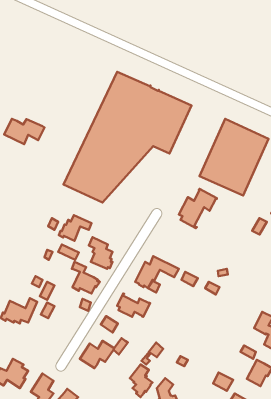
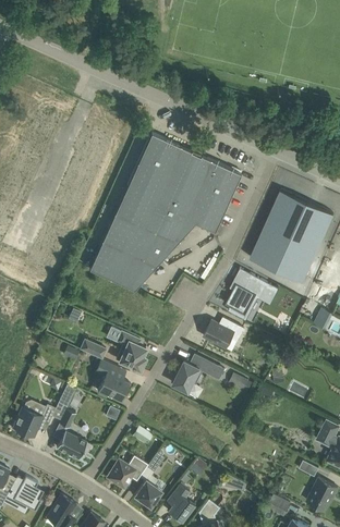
building: [4,119,45,144] -> none
building: [59,215,91,241] -> none
building: none -> [203,318,243,348]
building: [117,294,150,317] -> none
building: none -> [56,430,90,458]
building: none -> [134,474,162,506]

